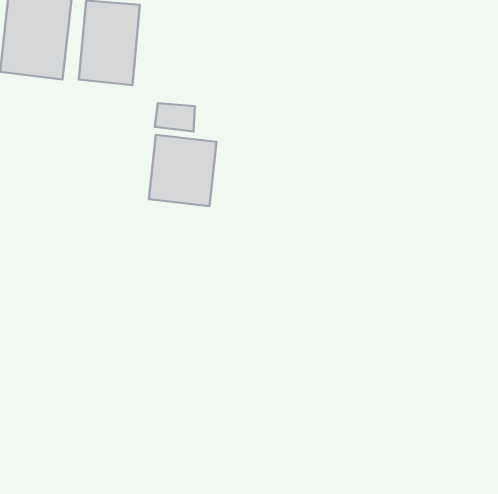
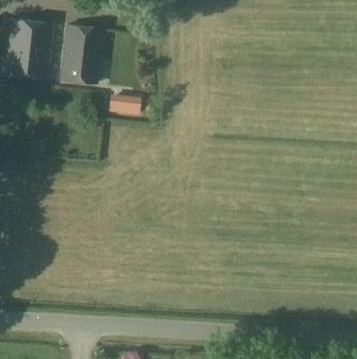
building: [149,135,217,206] -> none

